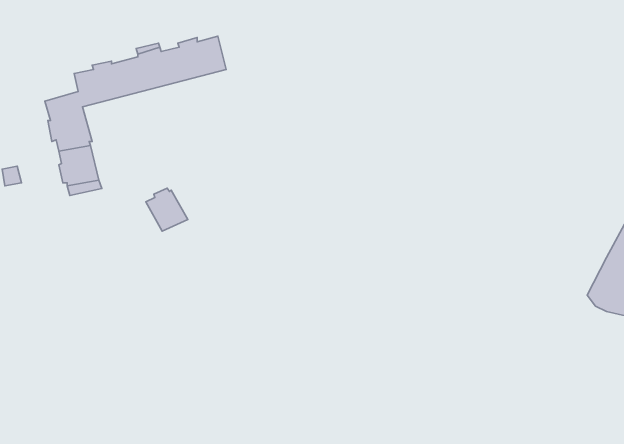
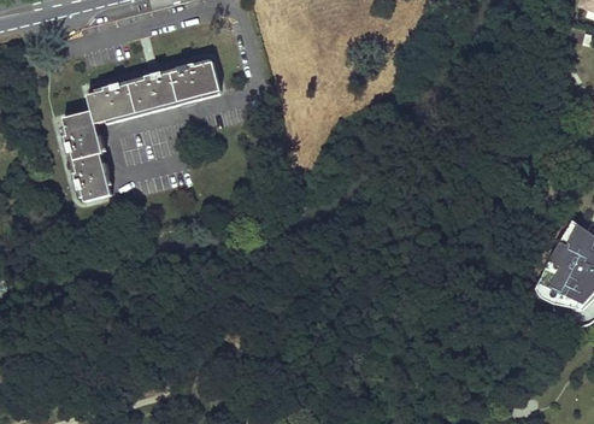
building: [146,188,188,231] -> none

